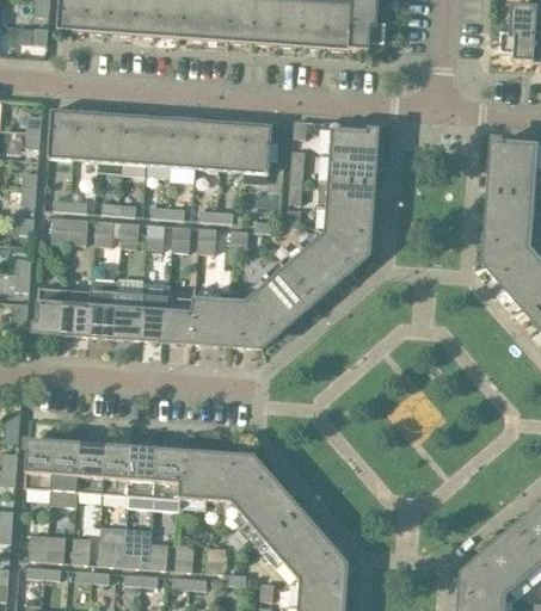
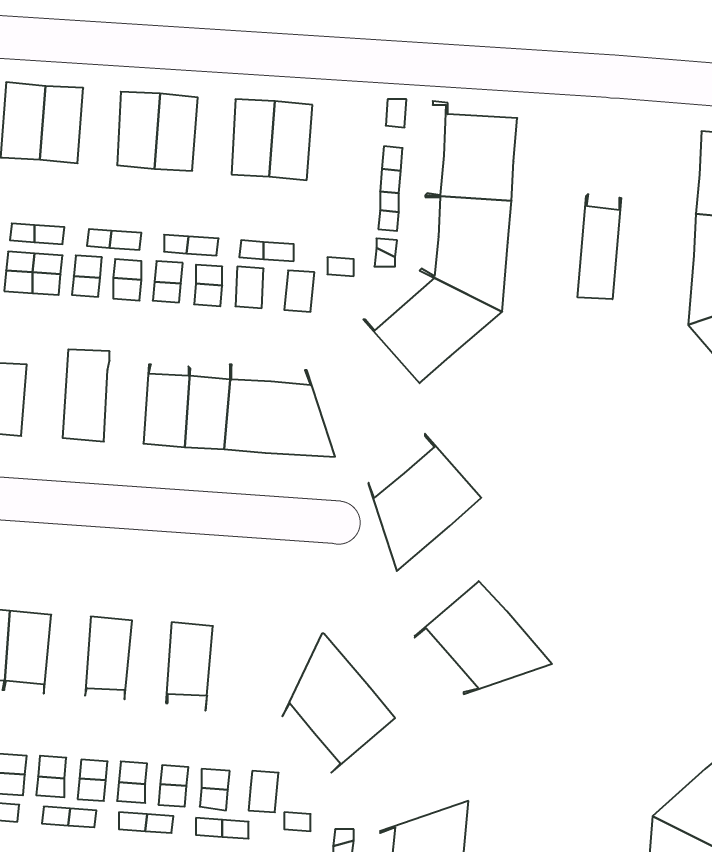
building: [97,112,124,161] -> none
building: [170,118,197,167] -> none
building: [242,123,271,173] -> none
building: none -> [578,194,621,299]
building: [242,259,314,346] -> [369,434,481,571]
building: [61,278,91,334] -> none
building: [113,285,142,338] -> none
building: [75,446,105,498] -> none
building: [127,450,156,502] -> none
building: [178,453,252,511] -> none
building: [258,512,345,584] -> [415,581,552,694]

